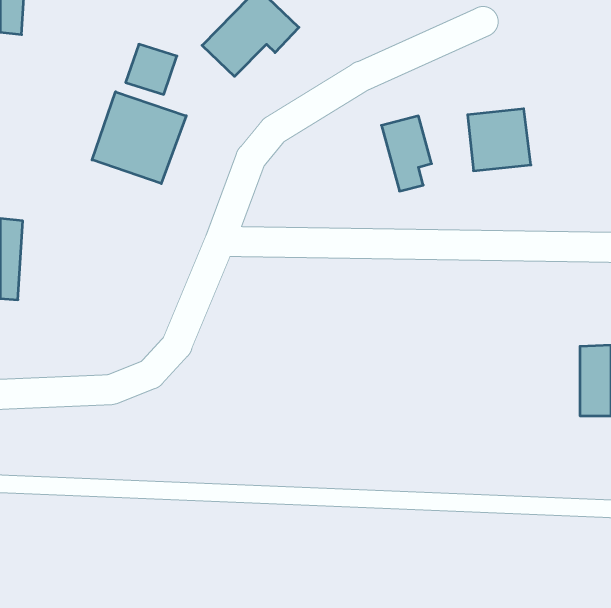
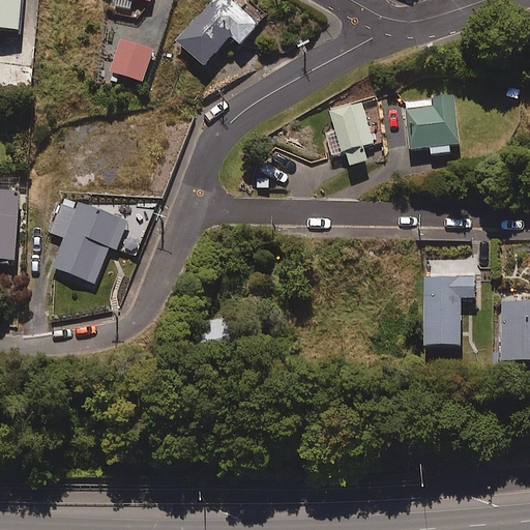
building: [92,92,186,184] -> none
building: none -> [52,199,129,283]
building: none -> [422,273,475,346]

